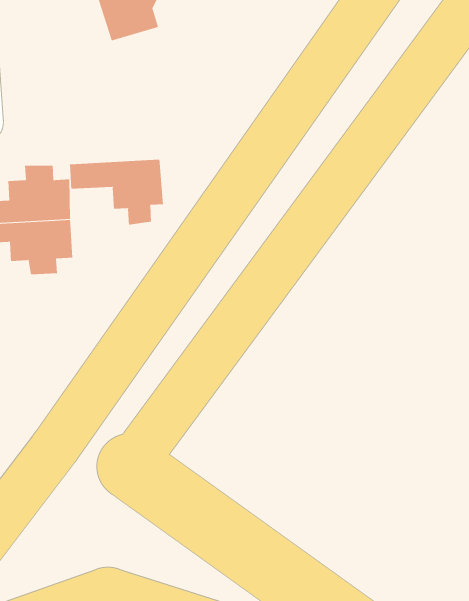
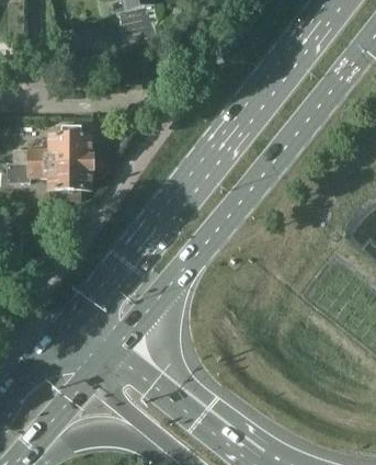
building: [69,159,164,225] -> none

